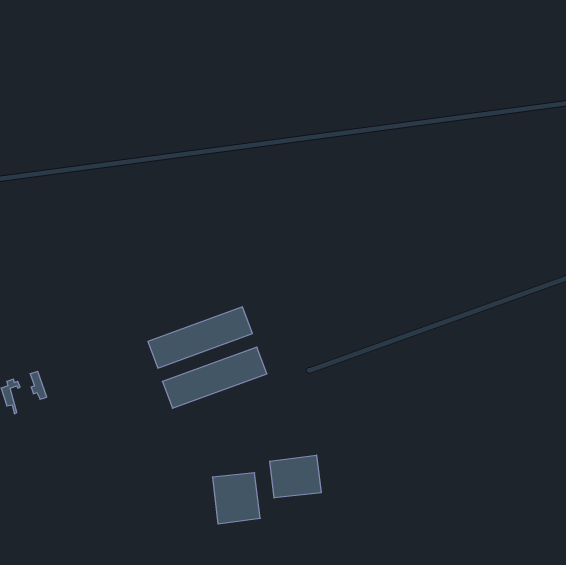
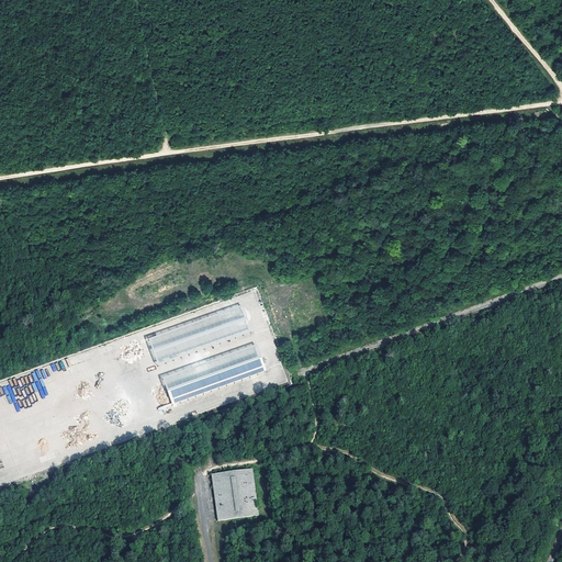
building: [270,455,321,498] -> none

